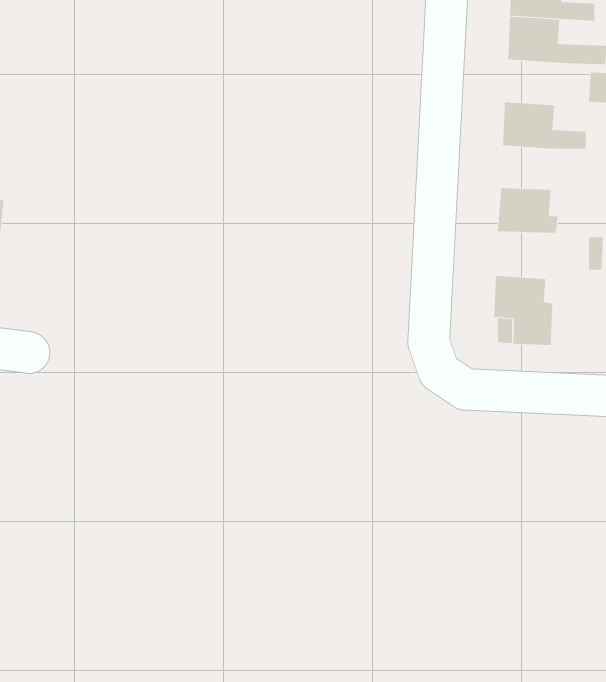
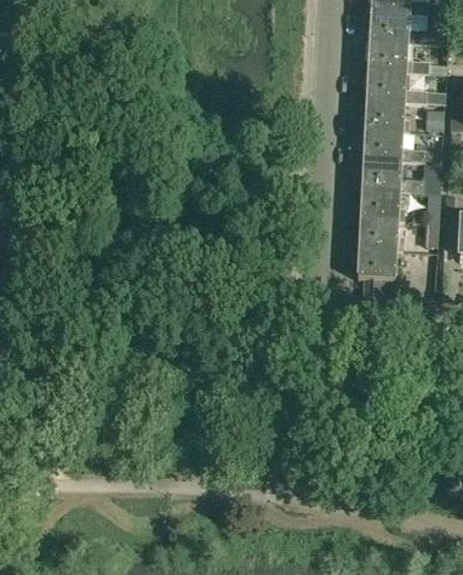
building: none -> [364,98,406,130]
building: none -> [361,158,419,189]
building: none -> [358,217,399,250]

